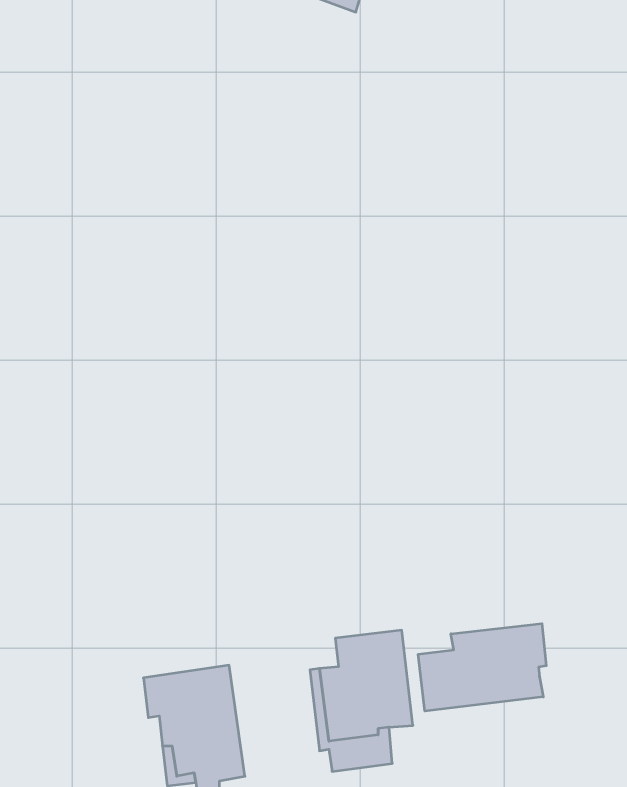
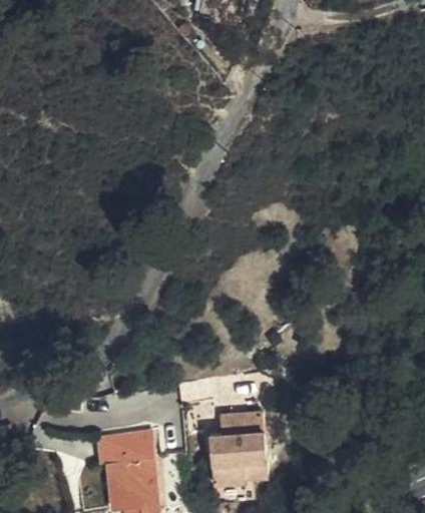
building: [418,624,546,711] -> none

